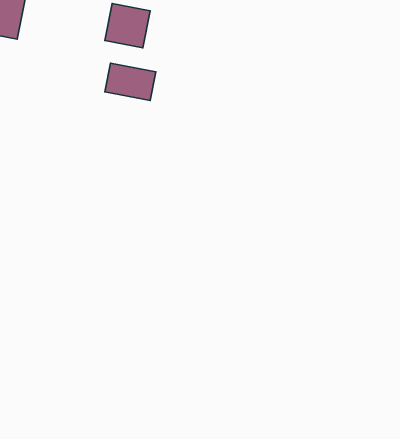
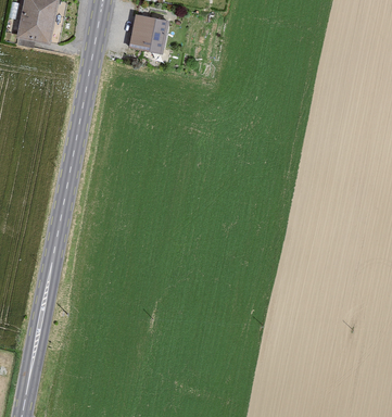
building: [105,63,156,101] -> none

